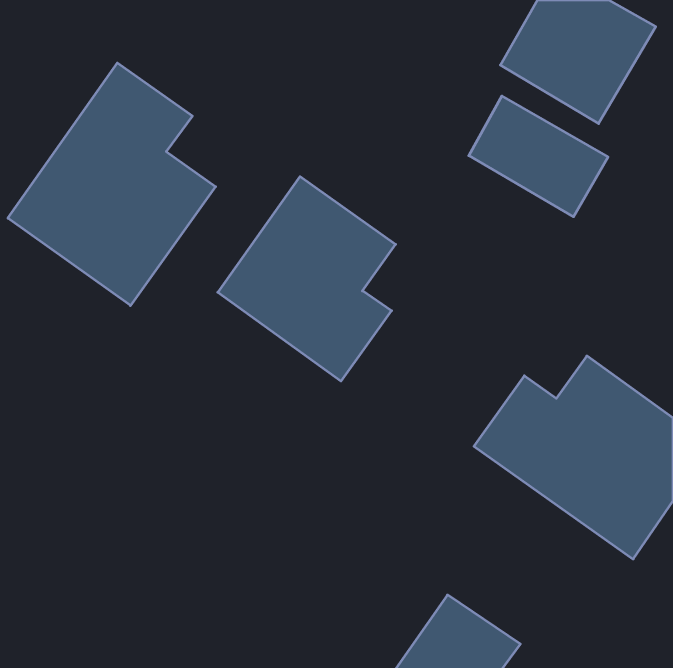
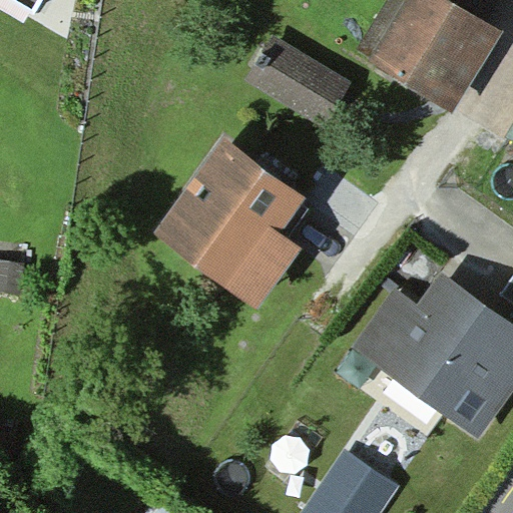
building: [8,63,216,306] -> none
building: [469,96,608,217] -> [241,42,347,133]

